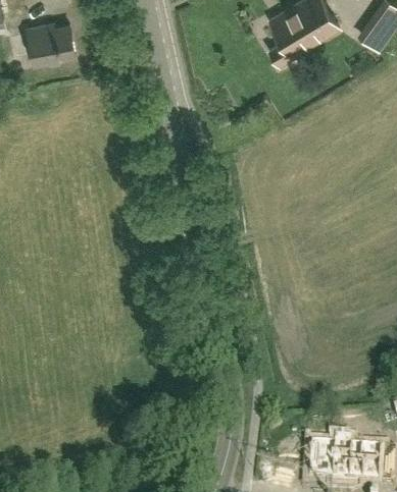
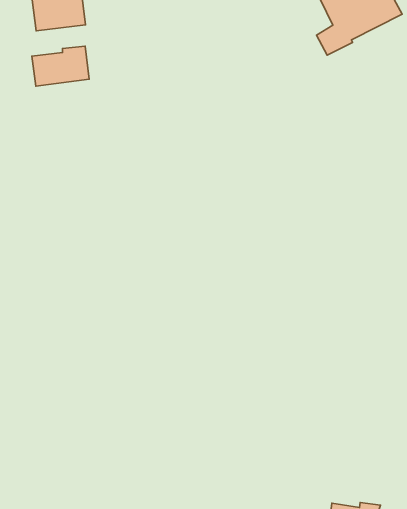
building: none -> [32,46,89,86]

